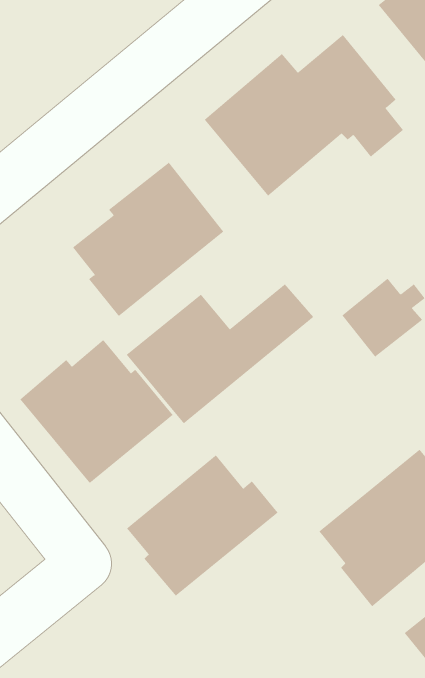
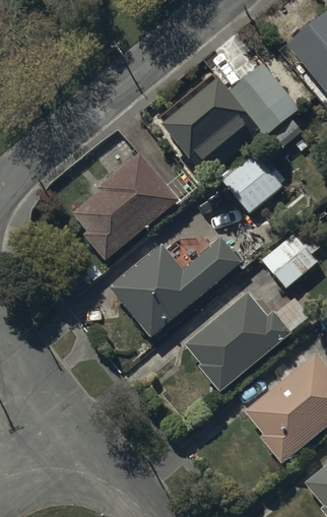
building: none -> [220,151,283,214]
building: [19,339,173,484] -> none
building: [126,454,278,597] -> [186,292,292,391]

